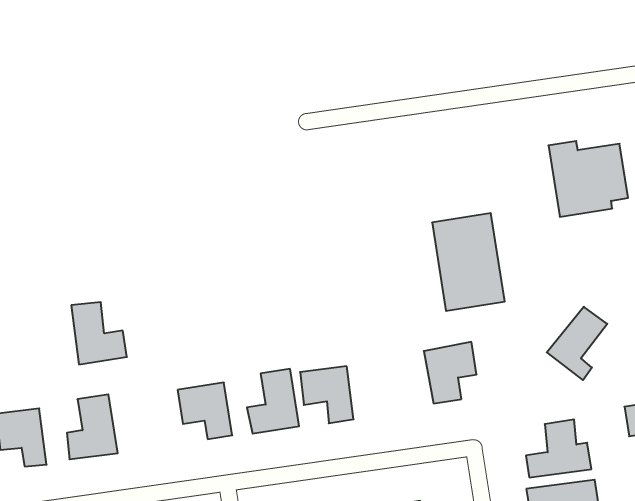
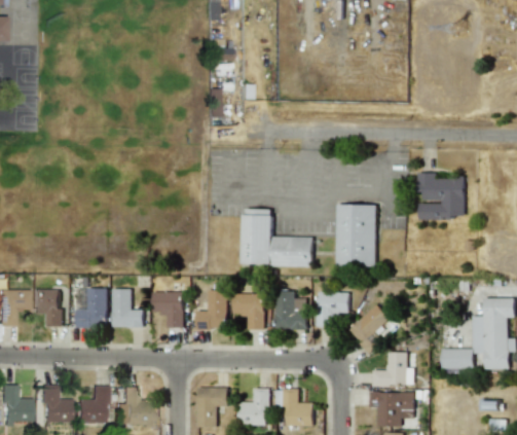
building: none -> [243,214,310,268]
building: [71,302,127,364] -> [112,288,144,327]
building: [547,307,607,380] -> [347,304,390,352]
building: none -> [275,291,306,329]

